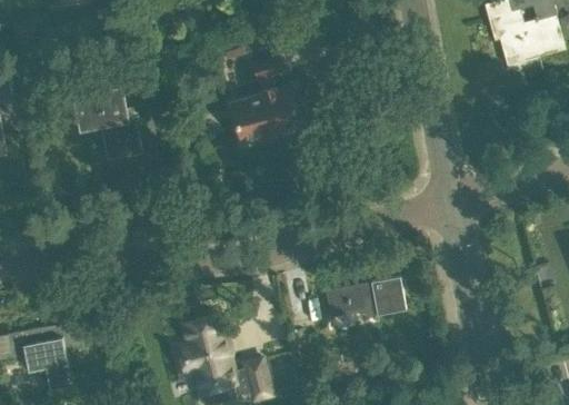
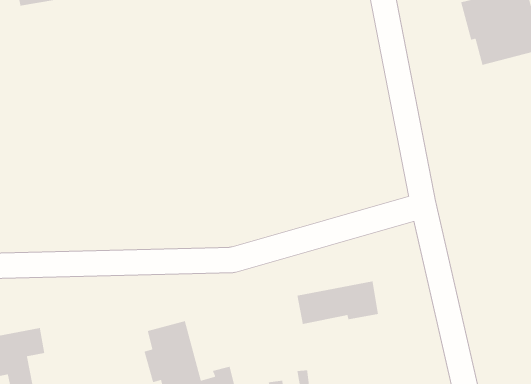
building: [231,59,300,141] -> none
building: [71,87,142,161] -> none

